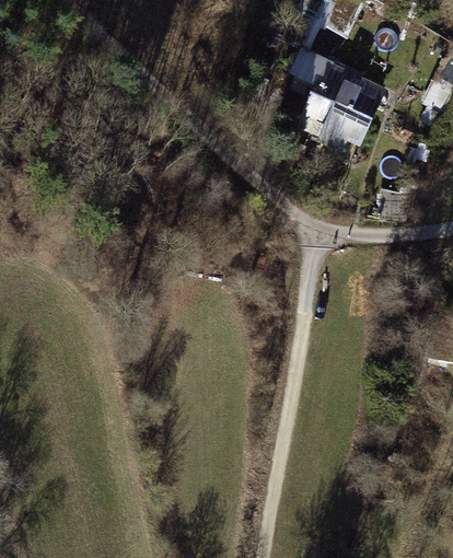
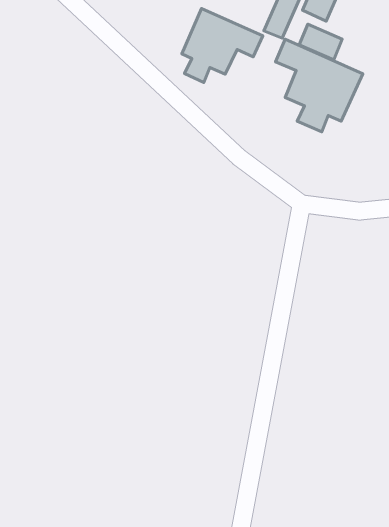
building: none -> [182,9,263,82]

